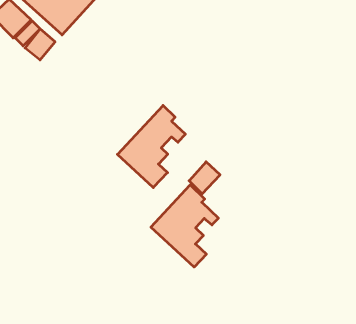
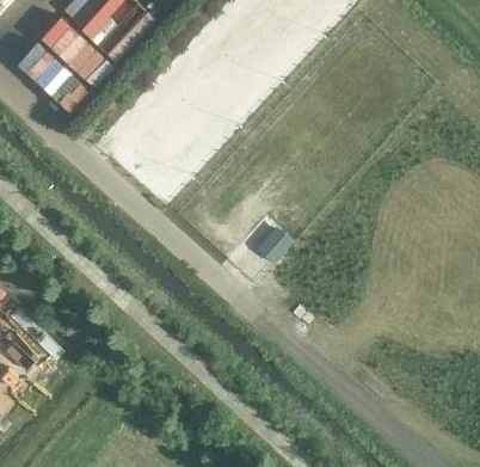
building: [117,105,185,188] -> none
building: [151,185,218,267] -> none

